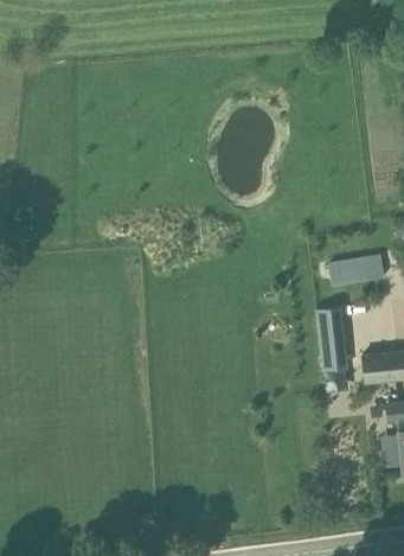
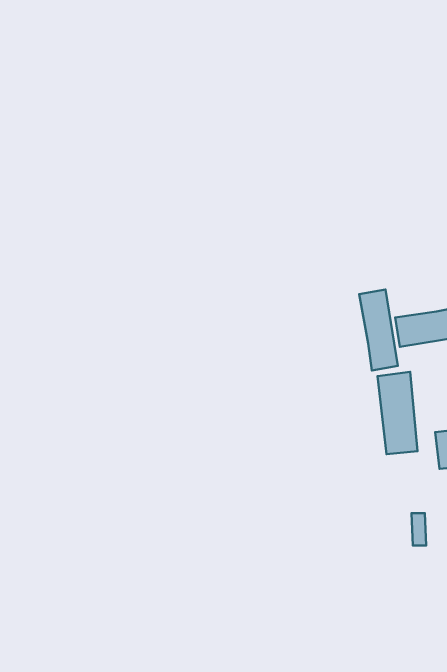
building: none -> [359,289,398,370]

